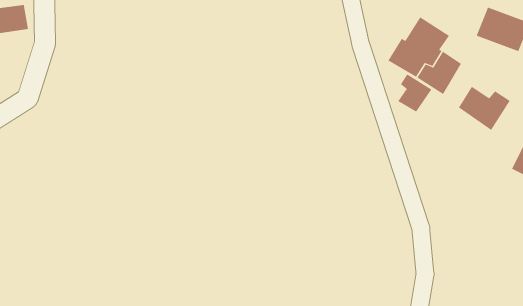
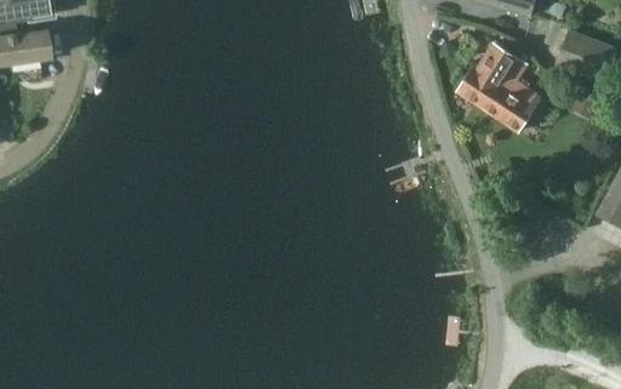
building: [398,74,432,113] -> none
building: [458,86,510,131] -> none

